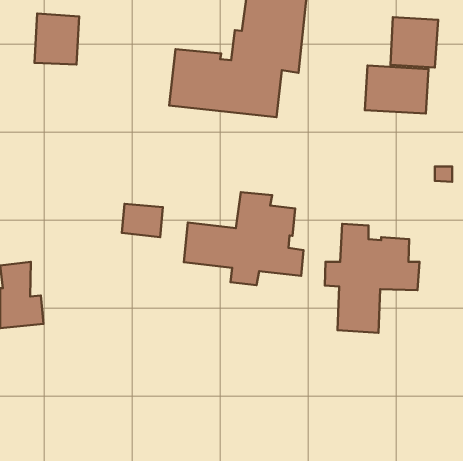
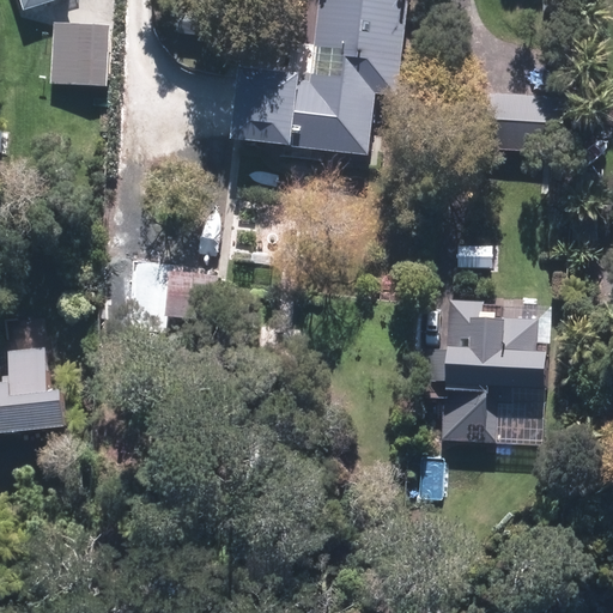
building: [390,17,438,67] -> none
building: [184,192,303,285] -> none

